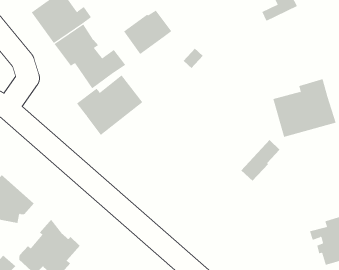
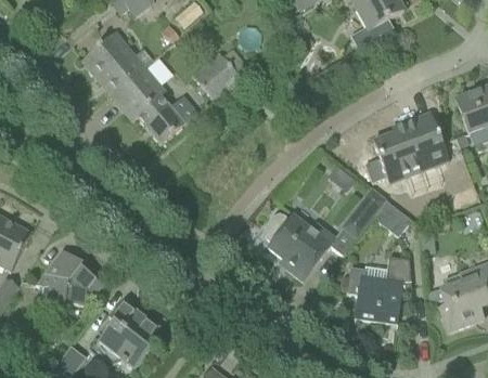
building: [76,75,143,136] -> none
building: none -> [372,199,411,236]
building: none -> [264,212,334,281]
building: none -> [346,256,411,323]

